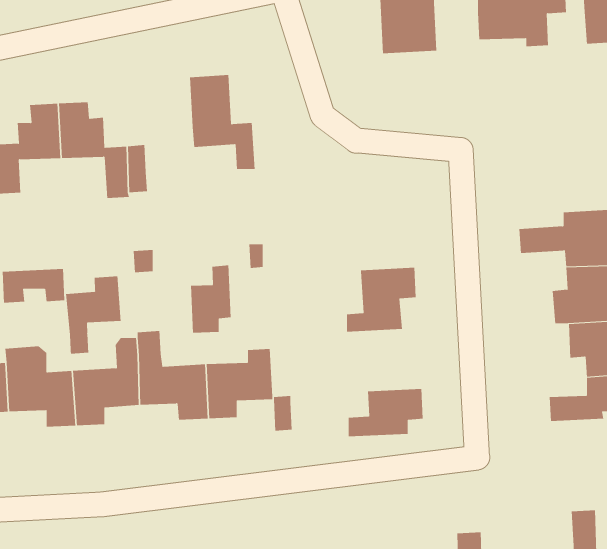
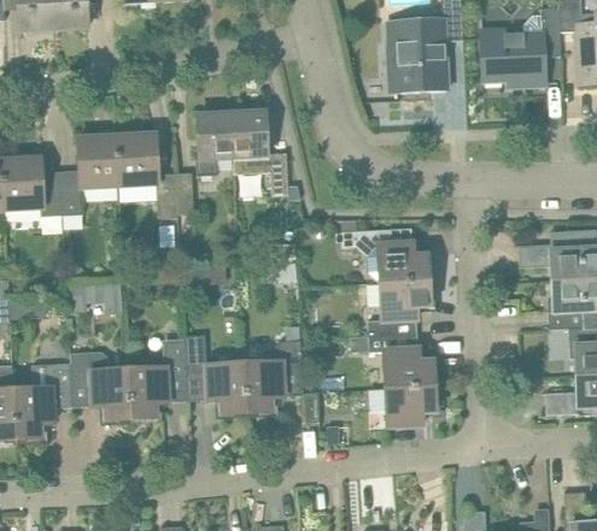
building: none -> [195,113,232,176]
building: none -> [340,228,427,282]
building: [191,265,231,334] -> none
building: [66,275,121,354] -> none
building: none -> [367,334,433,388]

